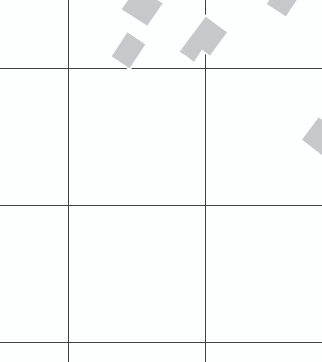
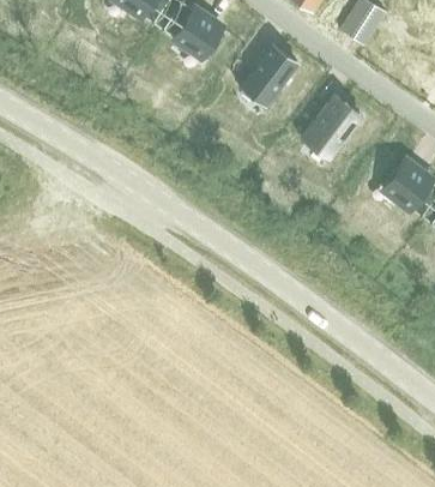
building: [111,31,146,69] -> none
building: none -> [302,95,360,150]

